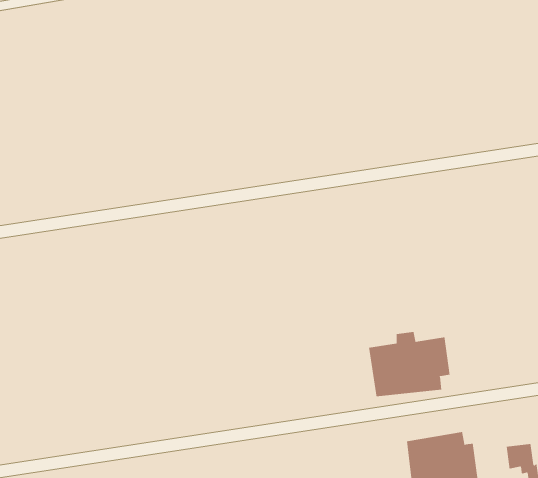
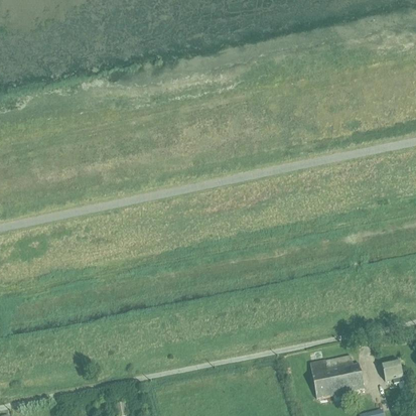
building: [369,331,450,397] -> none

